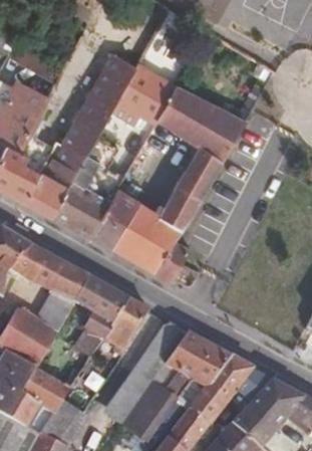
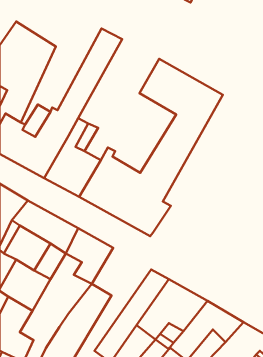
building: [119,60,179,118] -> none
building: [103,296,150,350] -> none
building: [23,367,67,409] -> none

